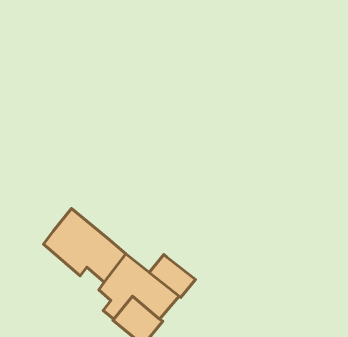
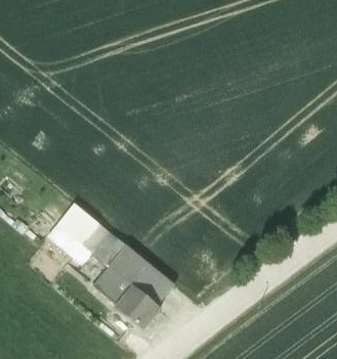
building: [149,254,195,298] -> none

